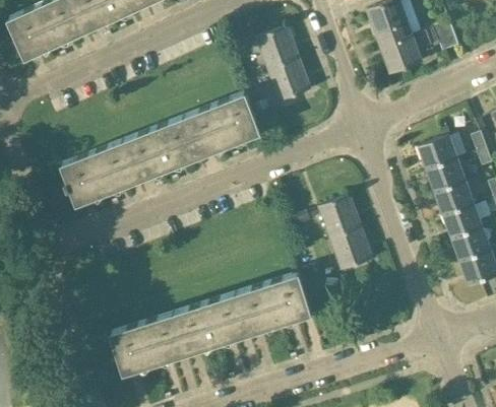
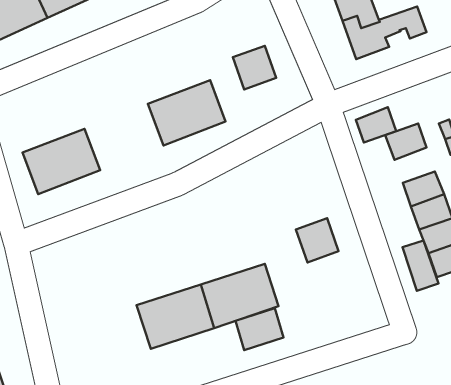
building: [257,28,300,71] -> none
building: [123,117,200,182] -> none
building: [427,159,467,194] -> [356,107,396,143]
building: [319,197,361,240] -> none
building: none -> [403,240,439,291]
building: [111,314,188,377] -> none
building: none -> [236,308,284,350]

